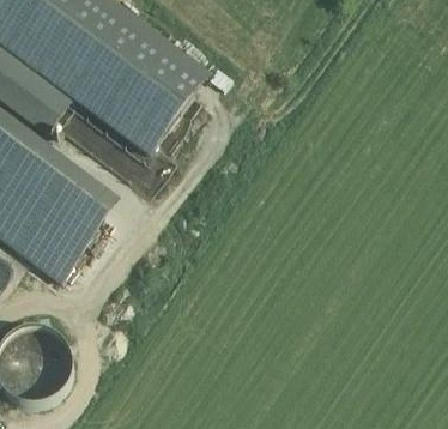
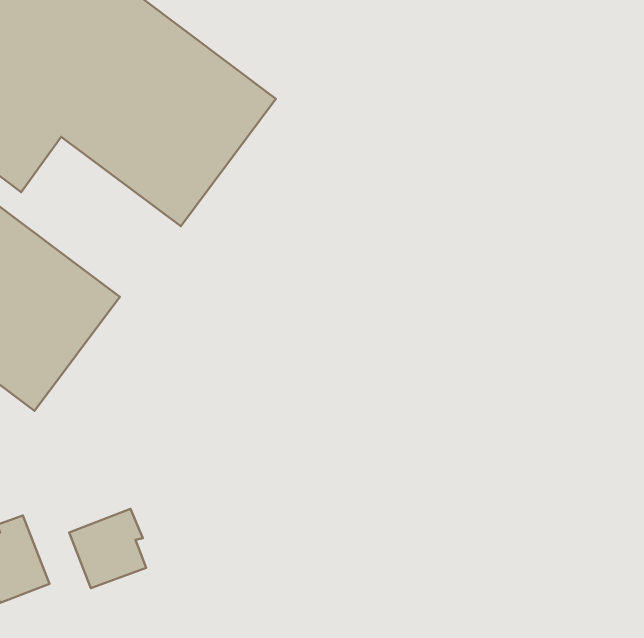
building: none -> [69,509,146,588]

